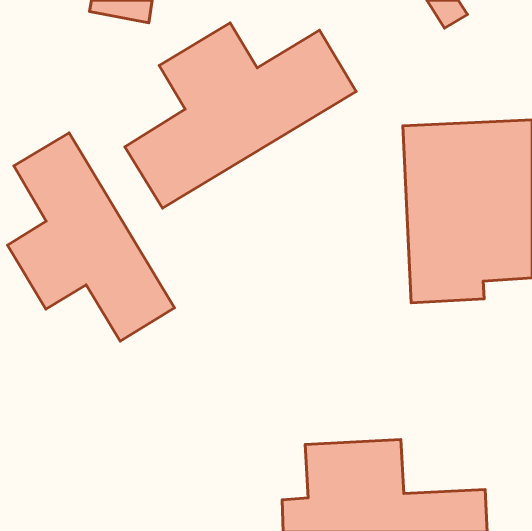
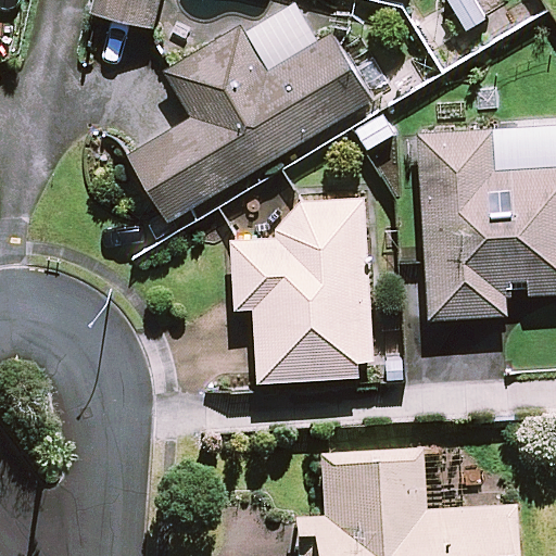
building: [7,133,175,341] -> none
building: none -> [232,198,372,380]

